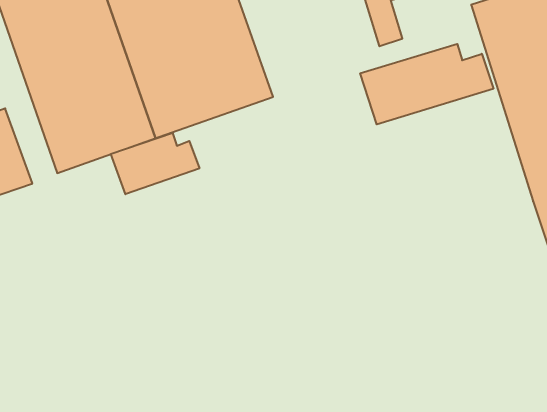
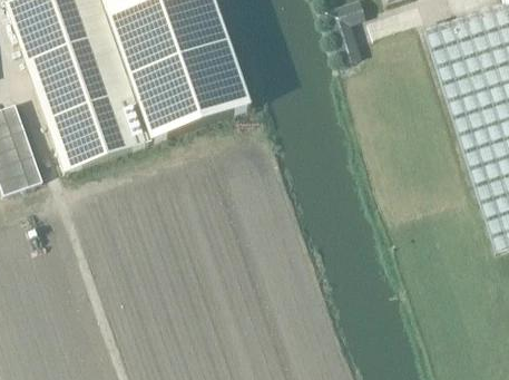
building: [360,44,493,124] -> none
building: [111,133,199,194] -> none

